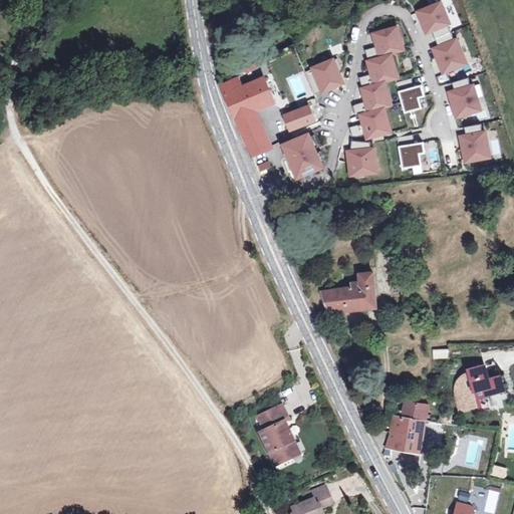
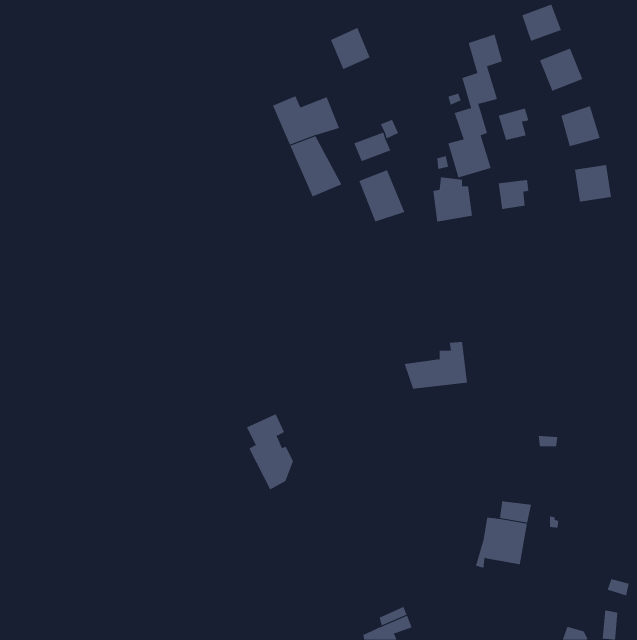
building: [311,59,343,93] -> [330,27,370,70]
building: [454,364,502,410] -> none
building: [255,406,293,467] -> [246,413,294,490]

